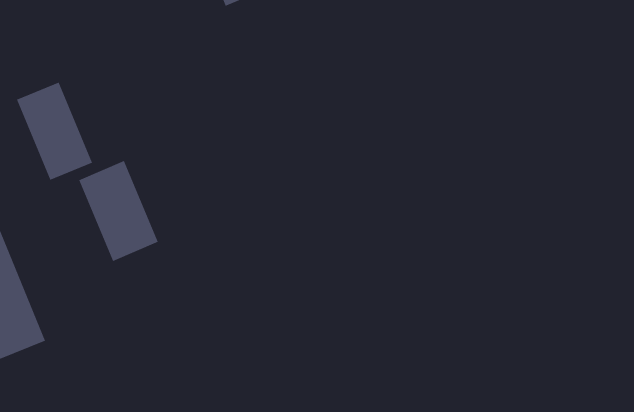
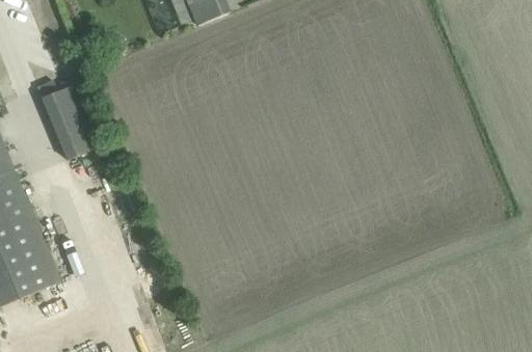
building: [78,160,159,262] -> none

